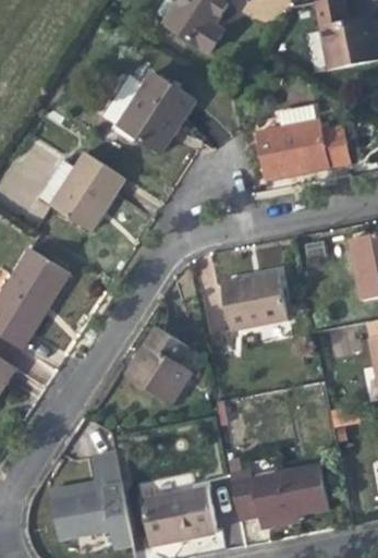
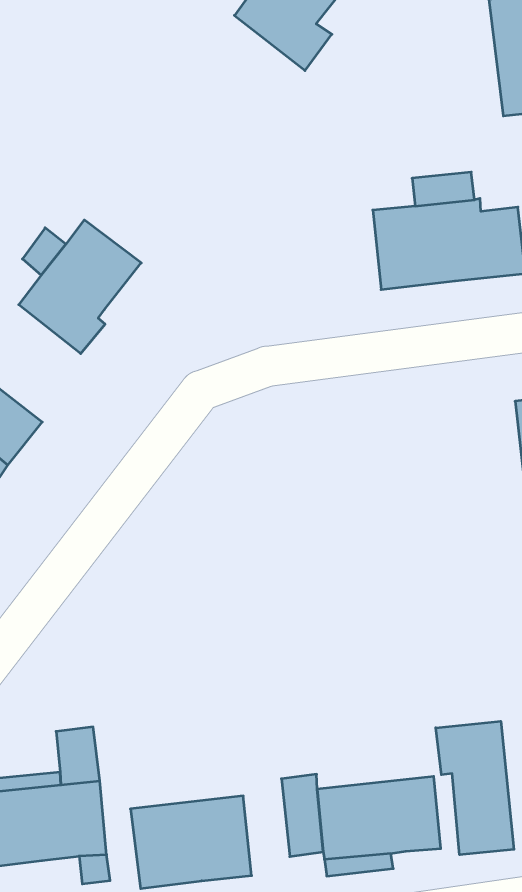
building: [118,72,196,154] -> none
building: [220,274,286,329] -> none
building: [124,327,191,403] -> none
building: none -> [436,721,514,855]

